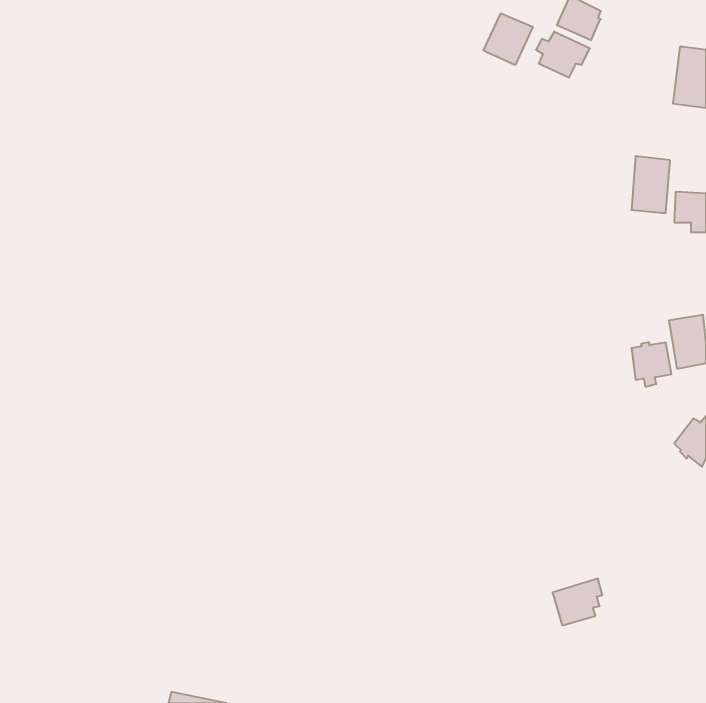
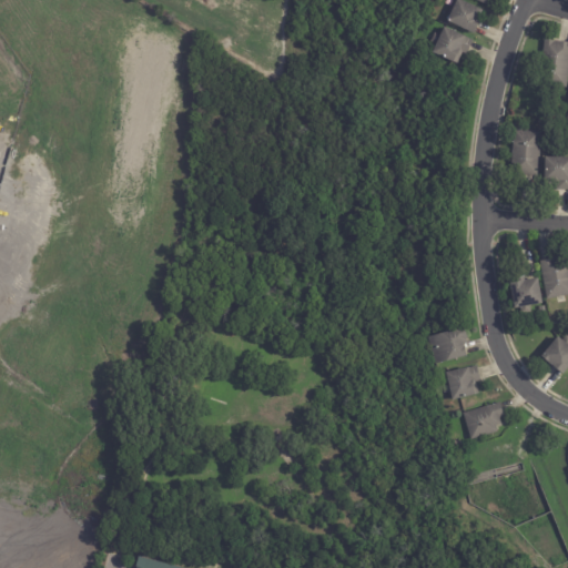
building: [484,13,533,65] -> none
building: none -> [428,327,467,365]
building: none -> [442,365,481,400]
building: [553,579,602,625] -> [464,402,504,439]

